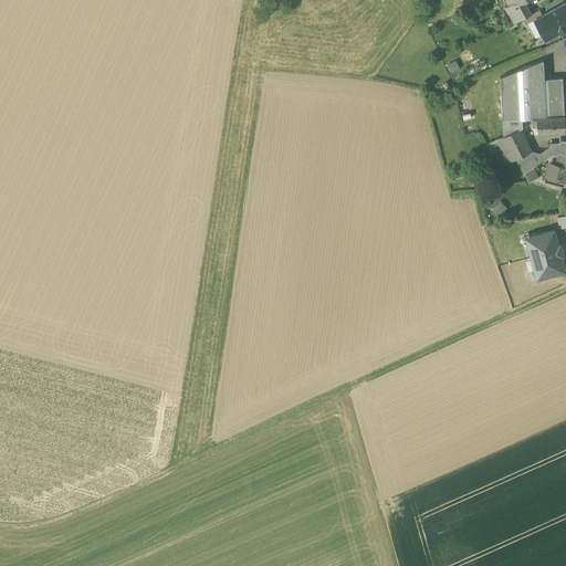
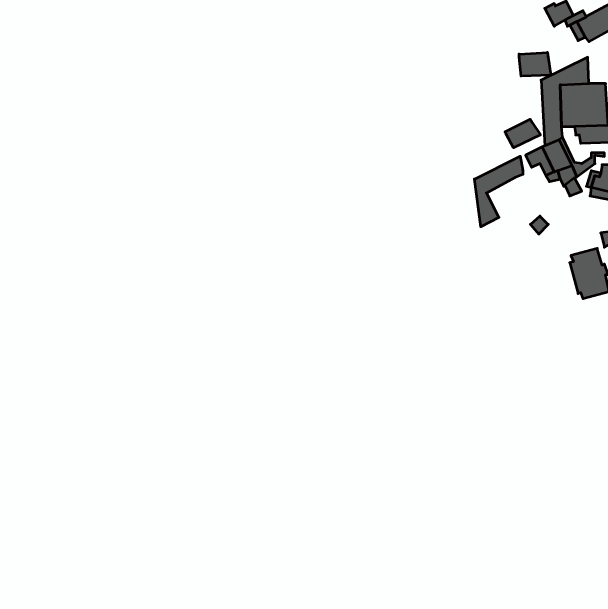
building: none -> [519,52,551,76]
building: none -> [505,119,540,148]
building: none -> [474,156,523,227]

